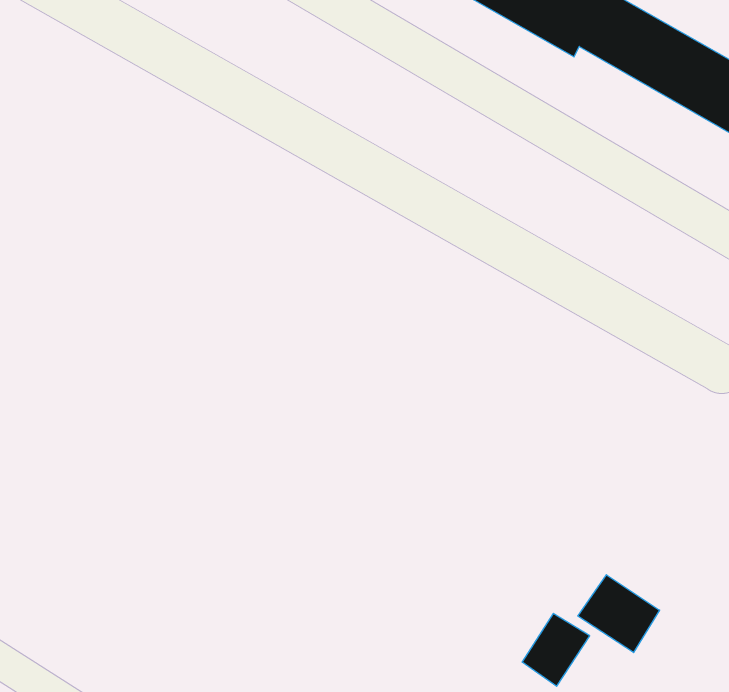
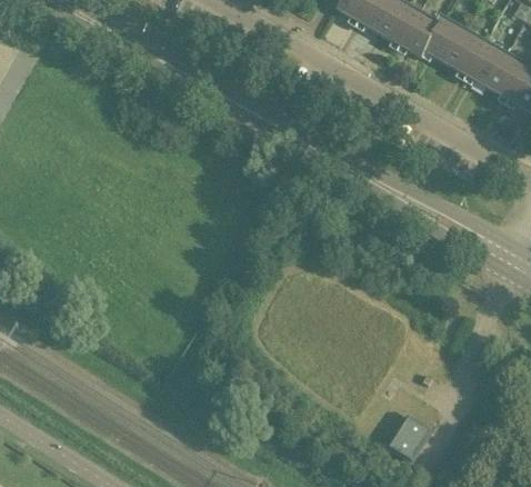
building: [578,575,660,653] -> none

